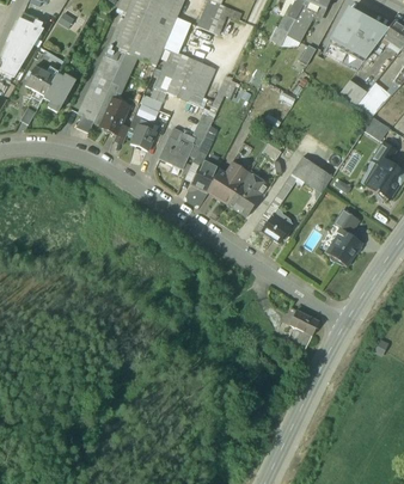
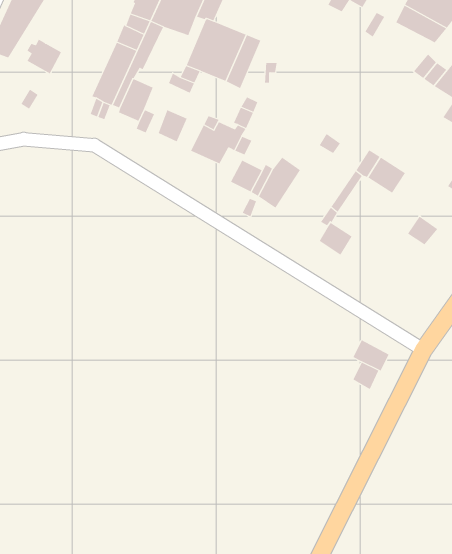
building: [43,74,74,111] -> none
building: [227,172,267,216] -> none
building: [325,228,361,265] -> none

